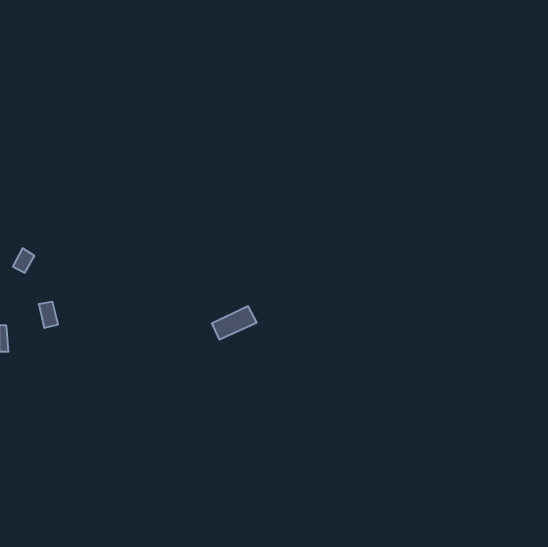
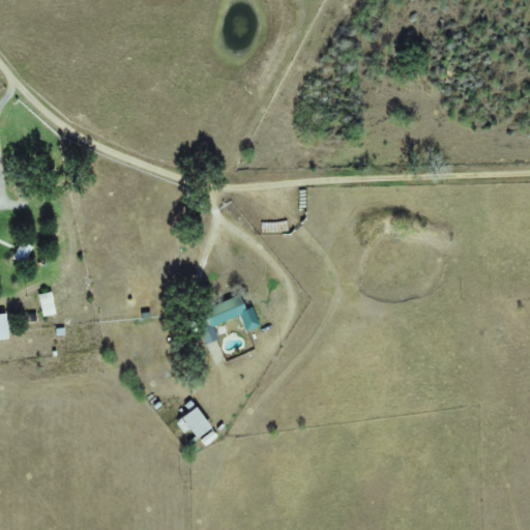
building: none -> [182,407,217,444]

